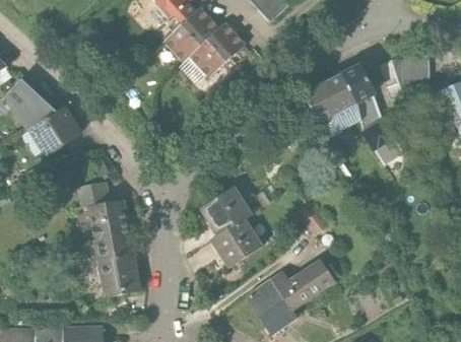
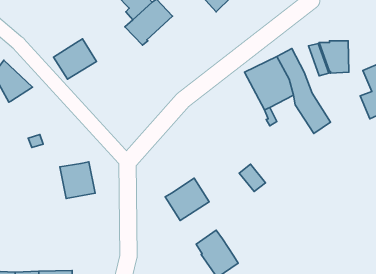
building: [190,24,246,80] -> none
building: [32,108,82,154] -> [54,39,97,79]
building: [79,182,114,207] -> none
building: [201,187,252,235] -> none
building: [96,235,140,294] -> none
building: [277,261,333,309] -> none

